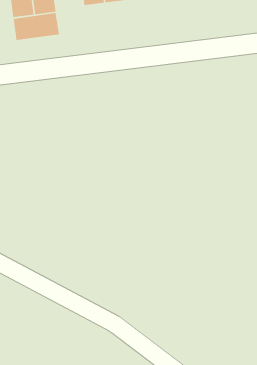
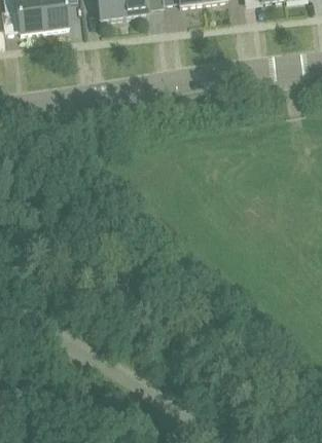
building: [12,12,60,41] -> none

